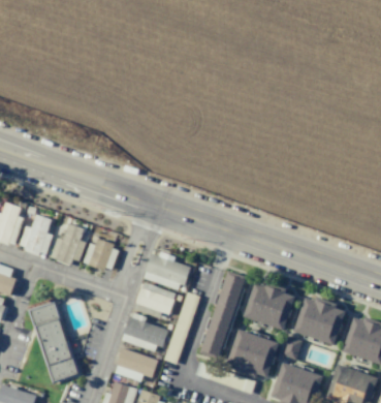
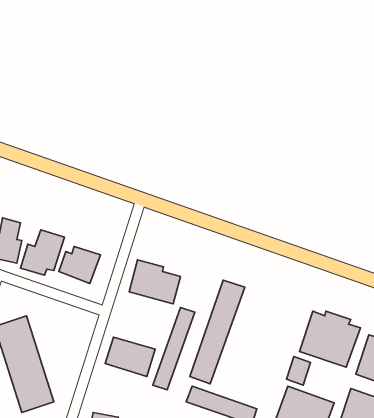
building: [241,281,293,330] -> none
building: [134,283,176,315] -> none
building: [225,328,278,377] -> none
building: [115,348,159,381] -> none

